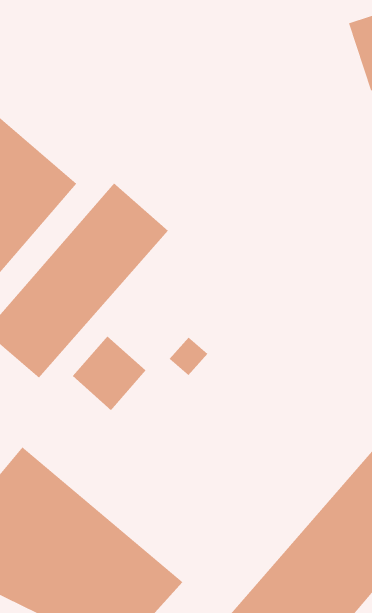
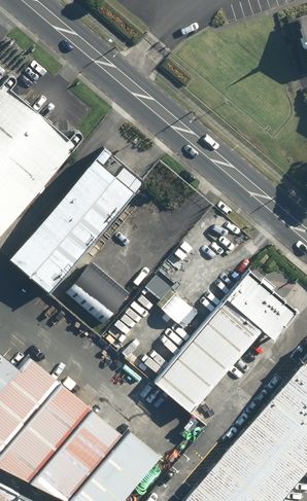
building: none -> [156,274,294,411]

